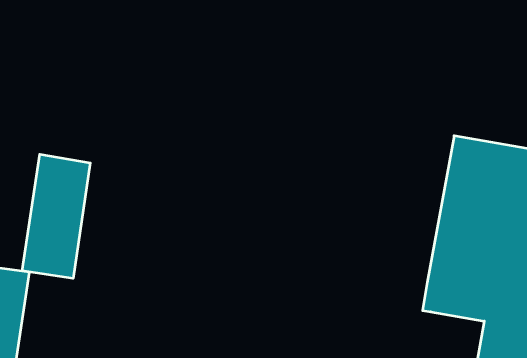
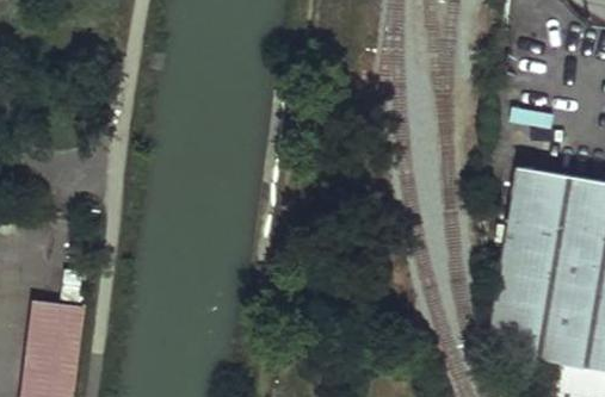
building: [22,154,90,278] -> none

